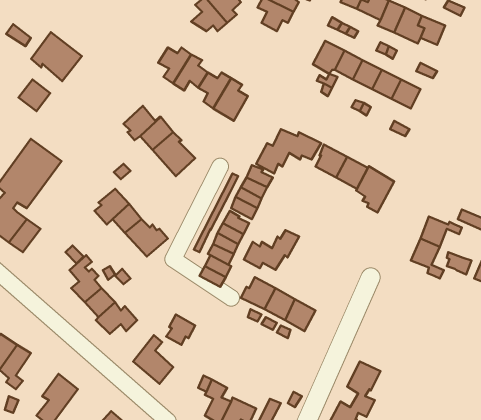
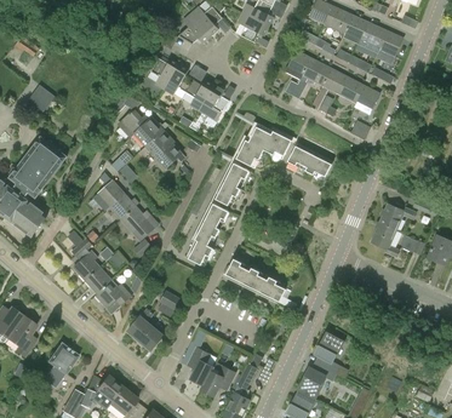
building: [31,32,82,81] -> none
building: [356,166,394,212] -> none
building: [244,230,299,270] -> none

